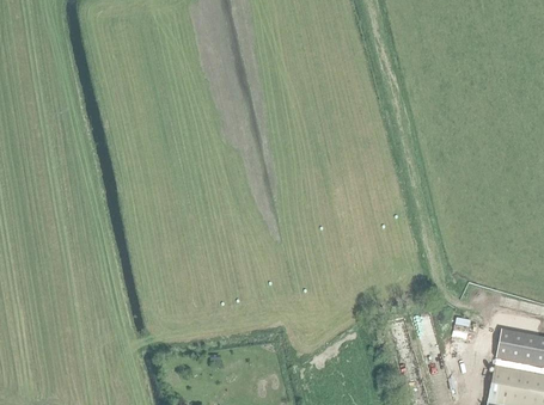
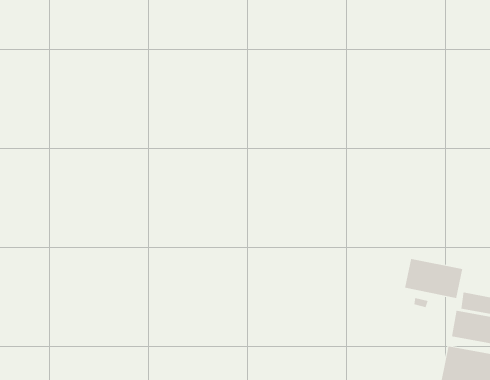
building: none -> [405,258,463,299]

